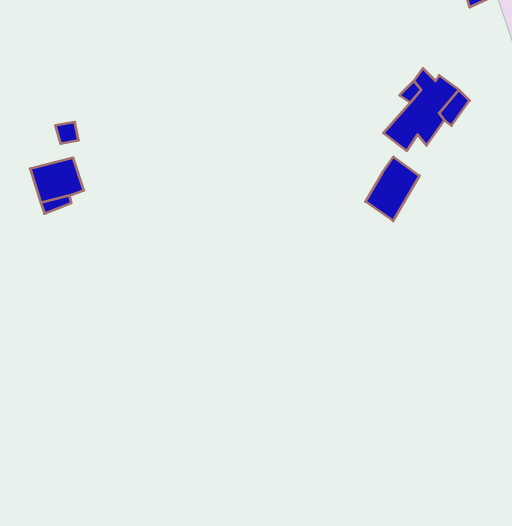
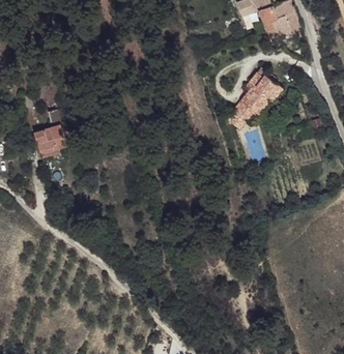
building: [365,157,420,221] -> none

